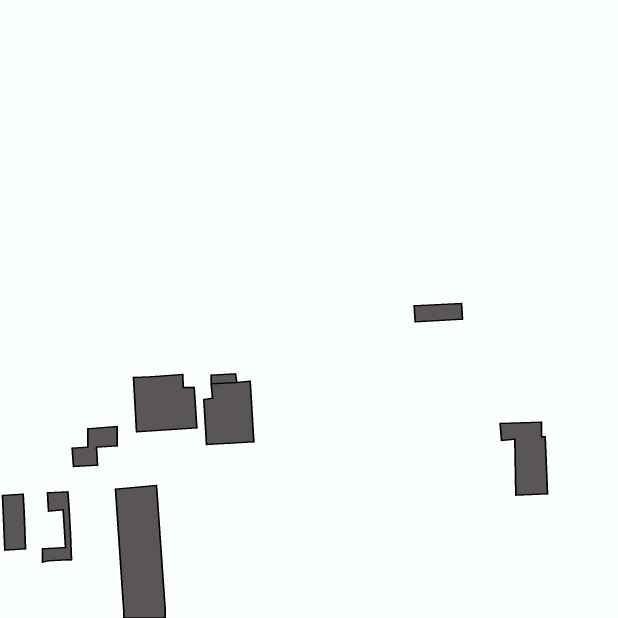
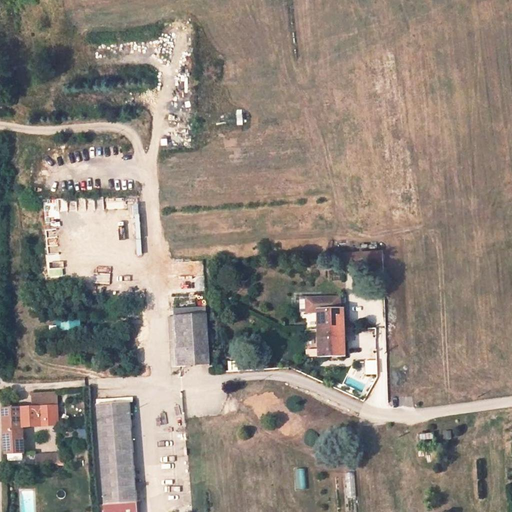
building: [133,375,197,432] -> none
building: [500,422,547,495] -> [306,297,345,357]
building: [72,426,117,466] -> [19,389,56,422]

